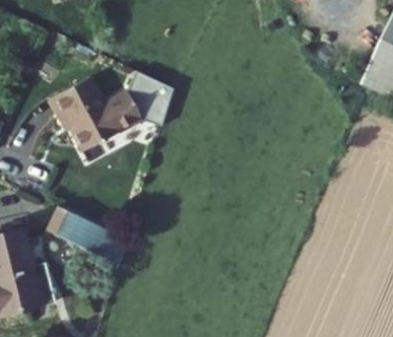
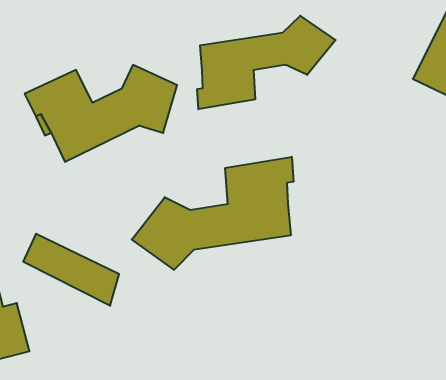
building: none -> [197,16,336,109]
building: none -> [132,157,294,270]

